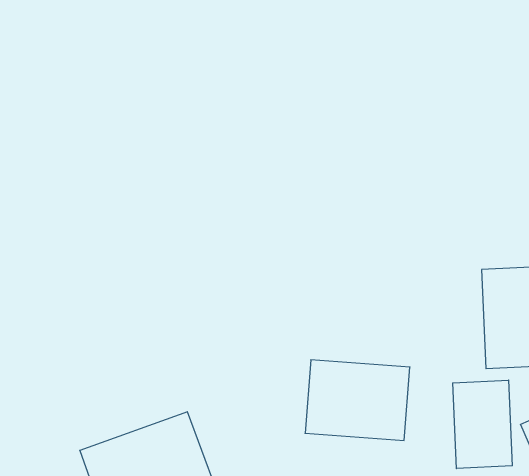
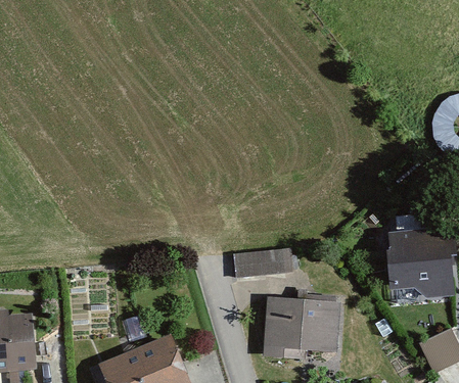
building: none -> [226,248,290,279]
building: [453,380,512,469] -> none

